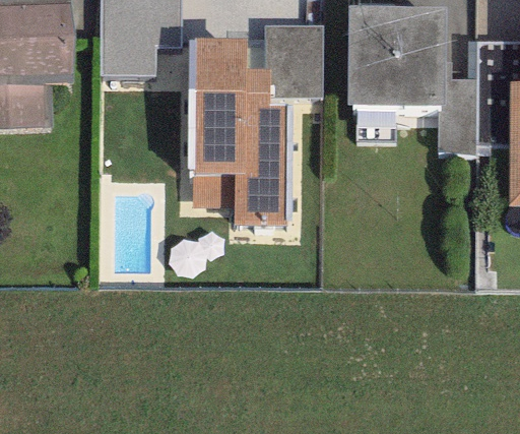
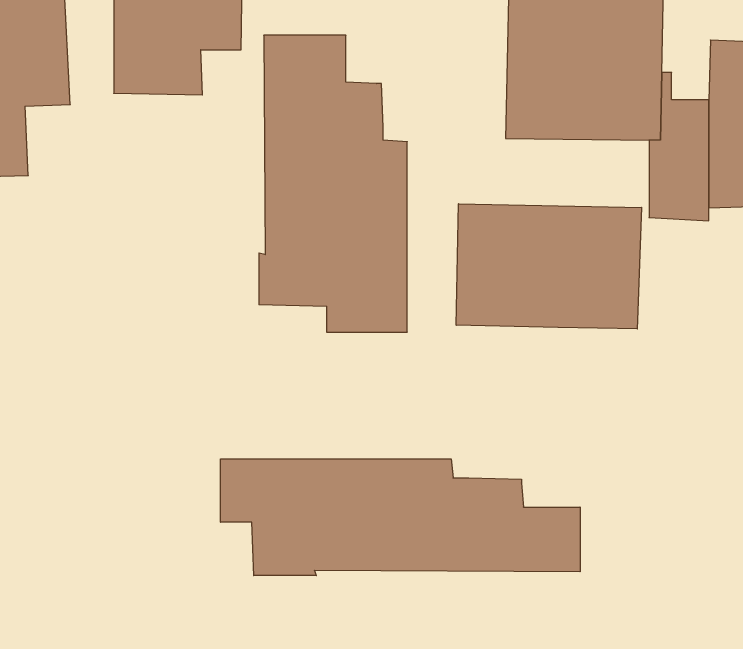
building: [264,25,321,98] -> none
building: none -> [456,204,642,329]
building: none -> [221,459,580,576]

